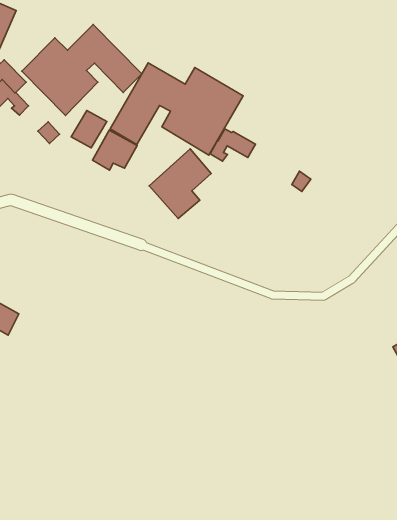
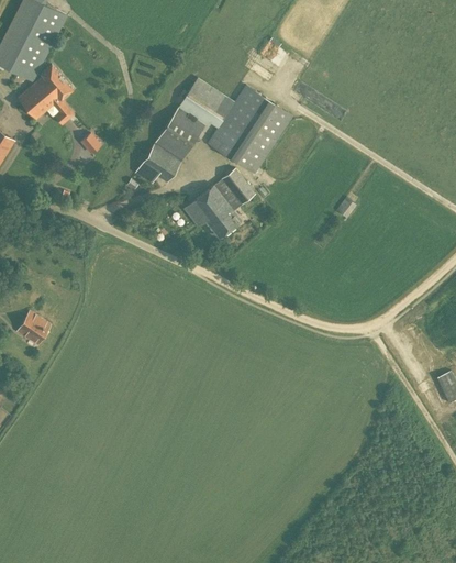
building: [22,25,142,116] -> none
building: [71,110,107,148] -> none
building: [210,129,255,161] -> none

